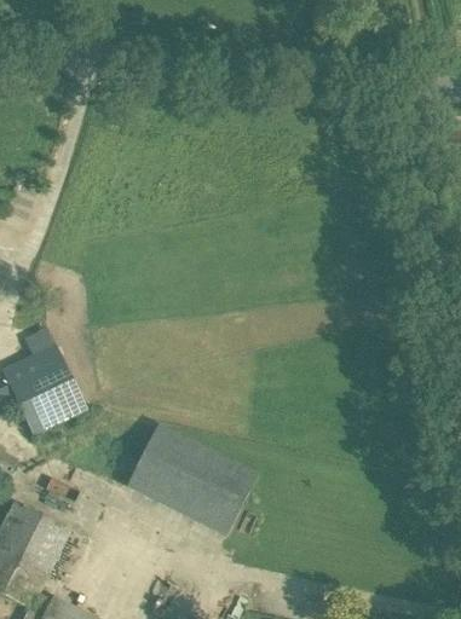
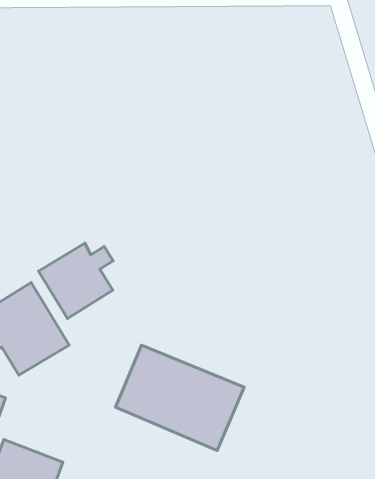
building: none -> [38,243,113,319]

